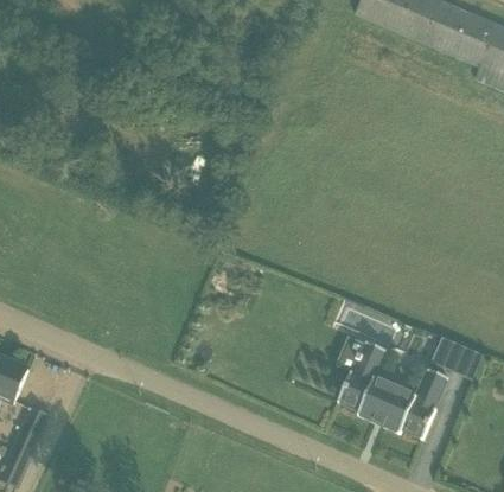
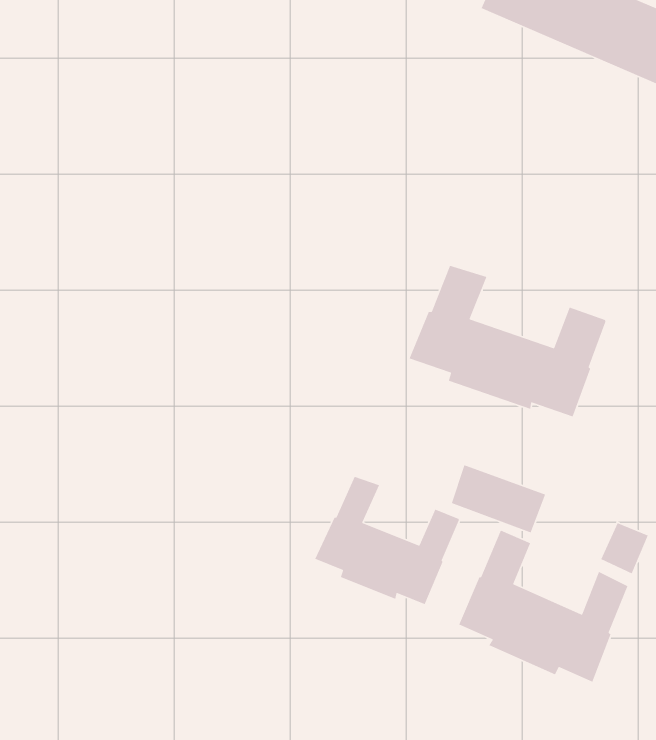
building: none -> [409,265,606,418]
building: none -> [314,476,460,605]

